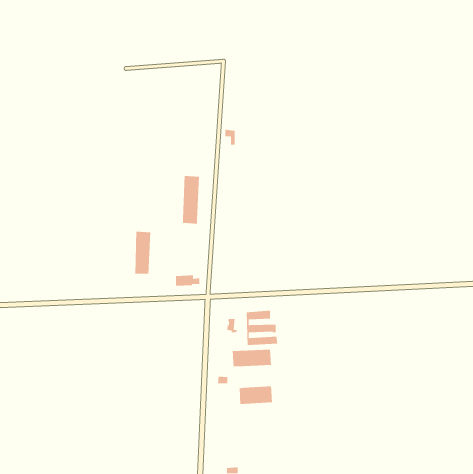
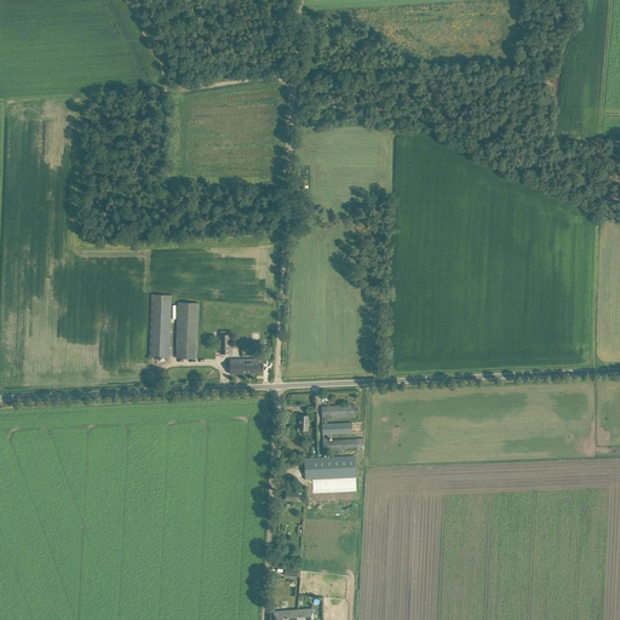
building: [182,175,200,224] -> [148,294,171,358]
building: [239,386,273,405] -> none

